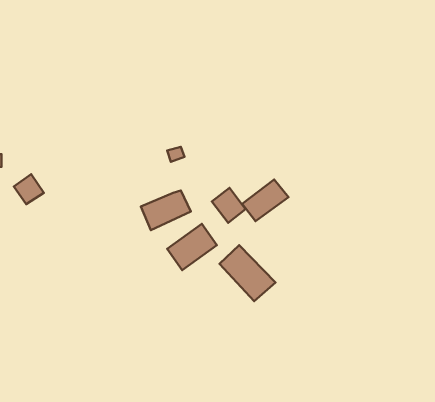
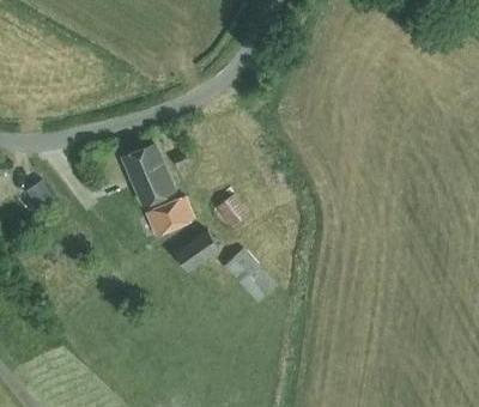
building: none -> [123,145,175,205]
building: [242,179,288,221] -> none

